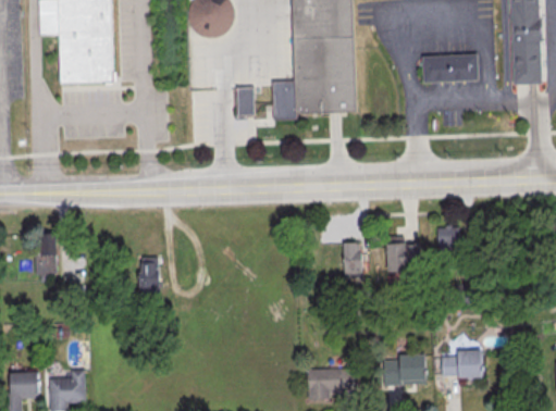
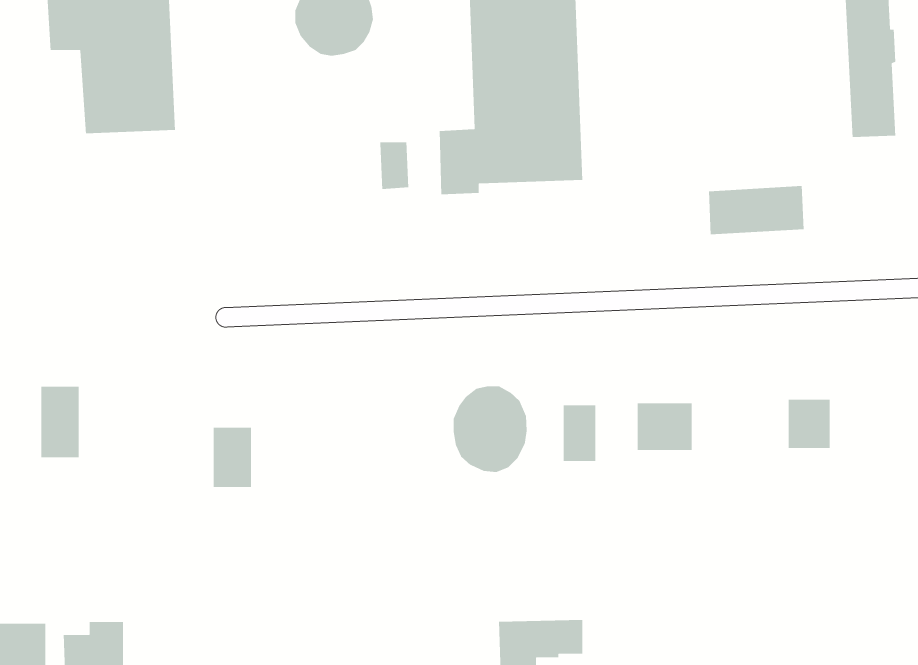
building: [422,54,479,84] -> [708,185,804,235]
building: [436,225,461,254] -> [788,399,830,449]
building: none -> [453,386,527,473]
building: [441,351,482,379] -> none
building: [383,356,424,384] -> none

